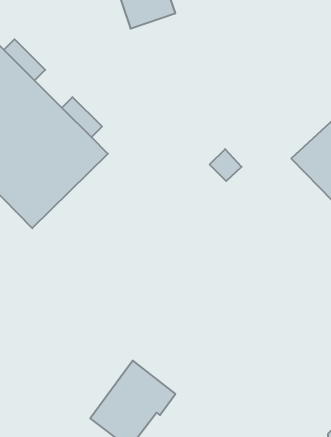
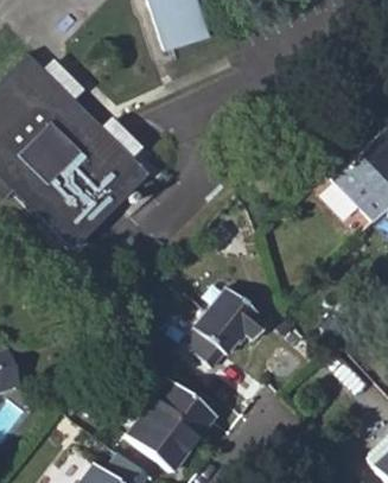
building: none -> [182,287,267,369]

